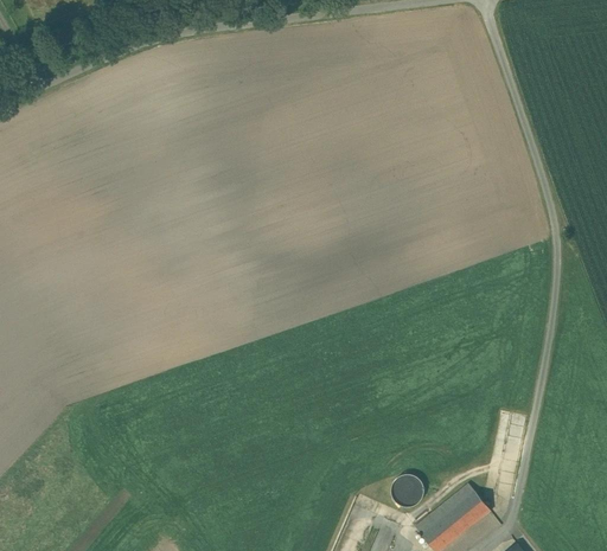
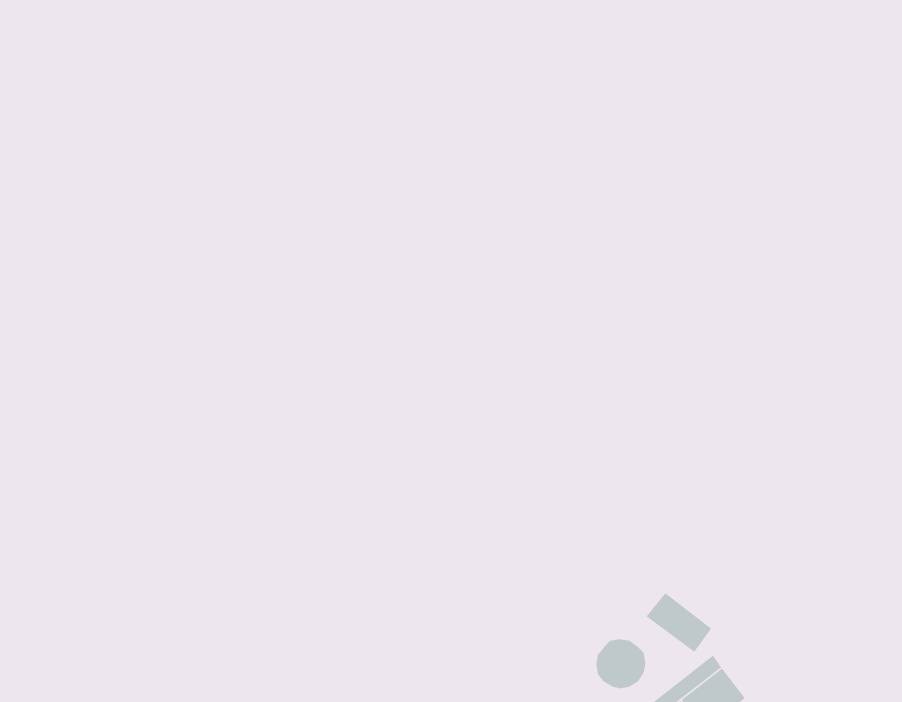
building: none -> [646,592,712,653]

